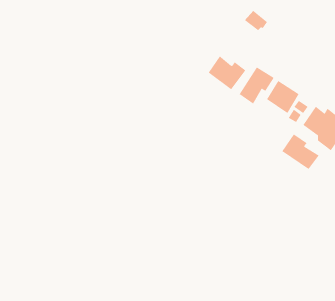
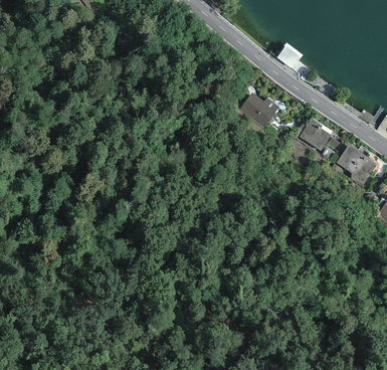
building: [239,66,274,104] -> none
building: [282,133,319,170] -> none

